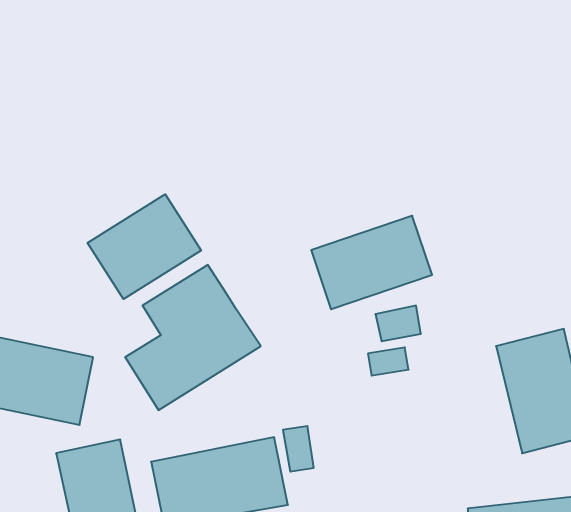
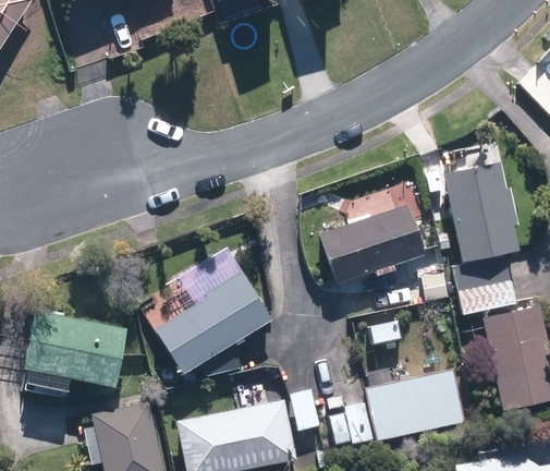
building: none -> [444,164,521,313]
building: [88,194,201,299] -> none
building: none -> [365,370,464,442]

